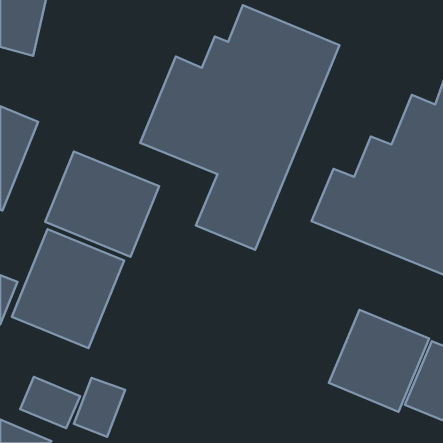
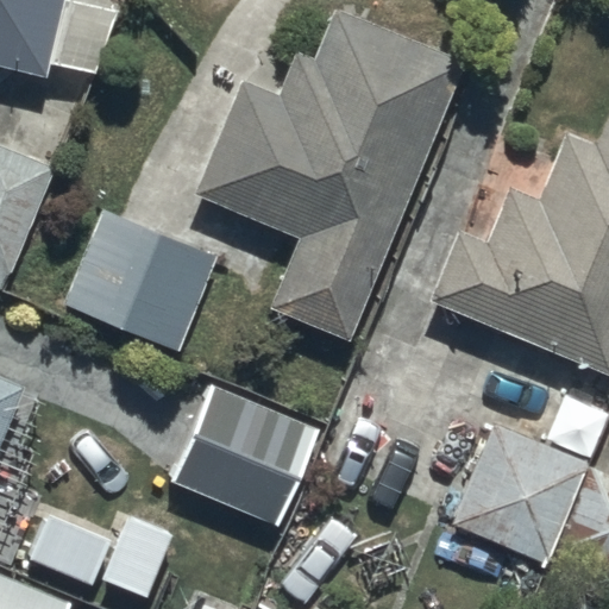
building: [12,229,124,348] -> none
building: none -> [171,384,319,526]

